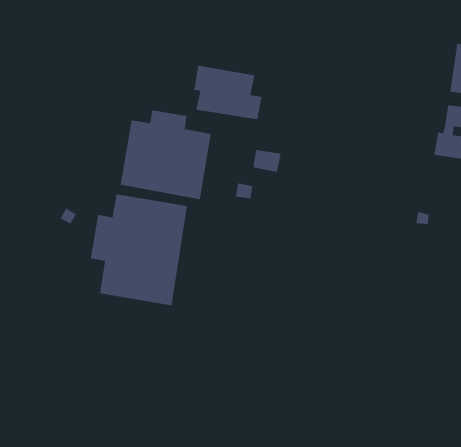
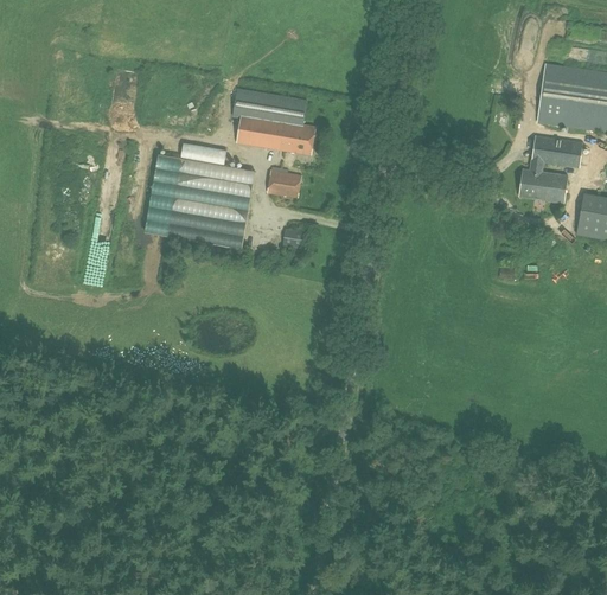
building: [253,149,281,172] -> [267,171,301,198]
building: [90,193,187,306] -> none

